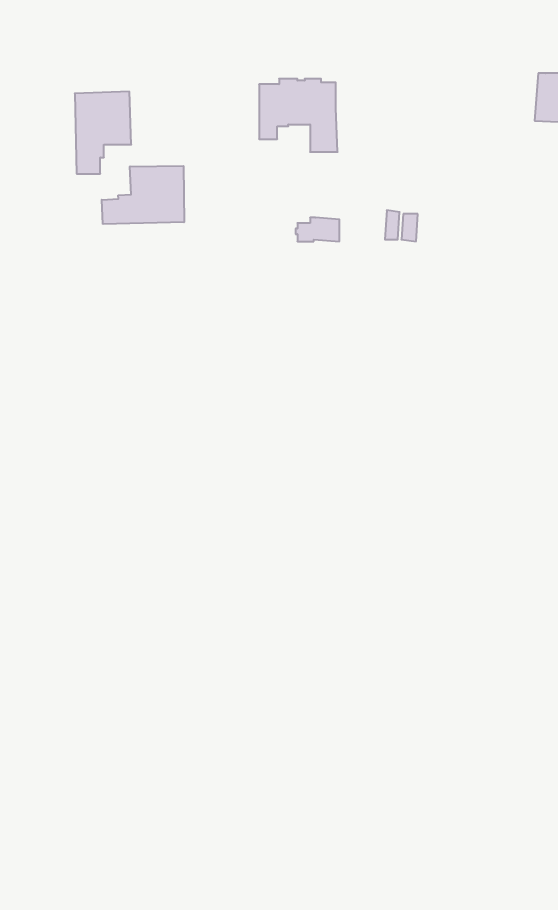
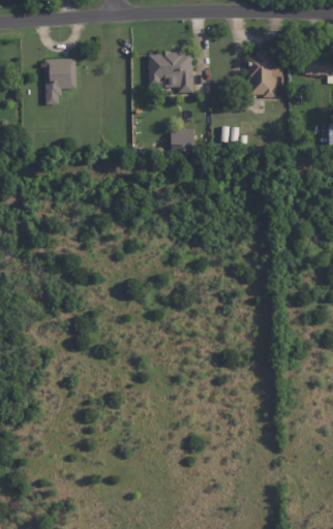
building: none -> [248,50,282,98]
building: [102,166,184,224] -> none

